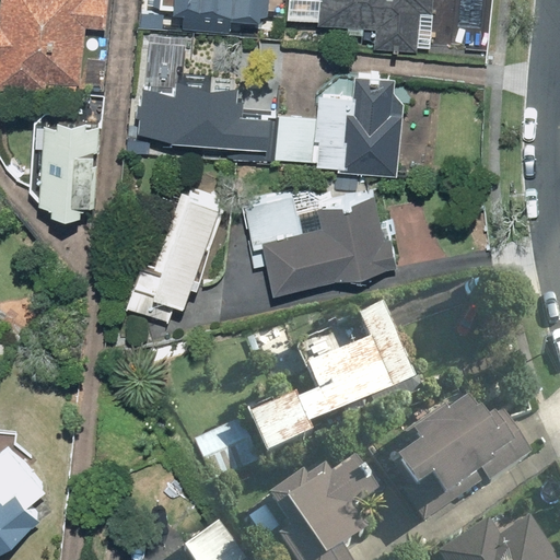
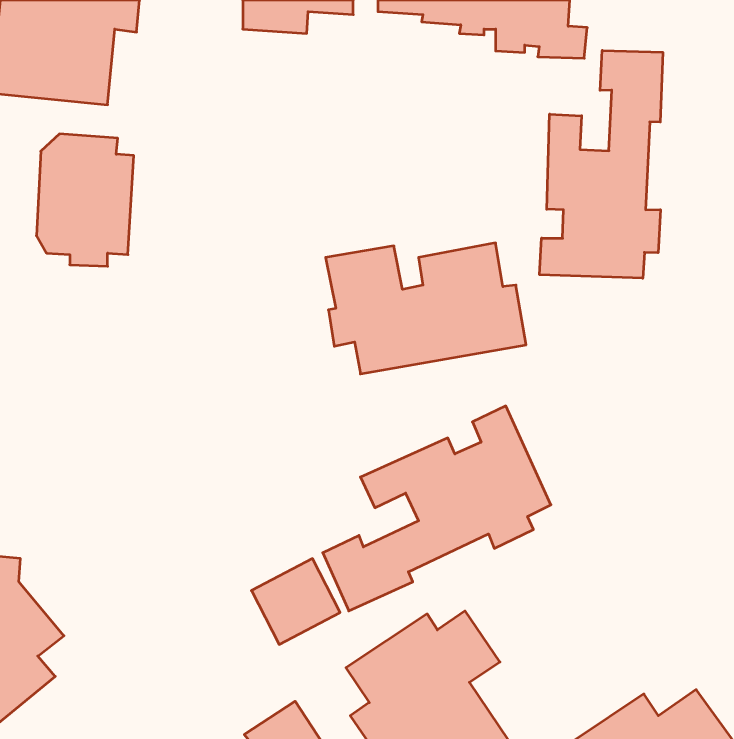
building: none -> [540,50,663,278]
building: [138,65,401,172] -> none
building: [126,185,220,315] -> none
building: [373,394,528,528] -> none

